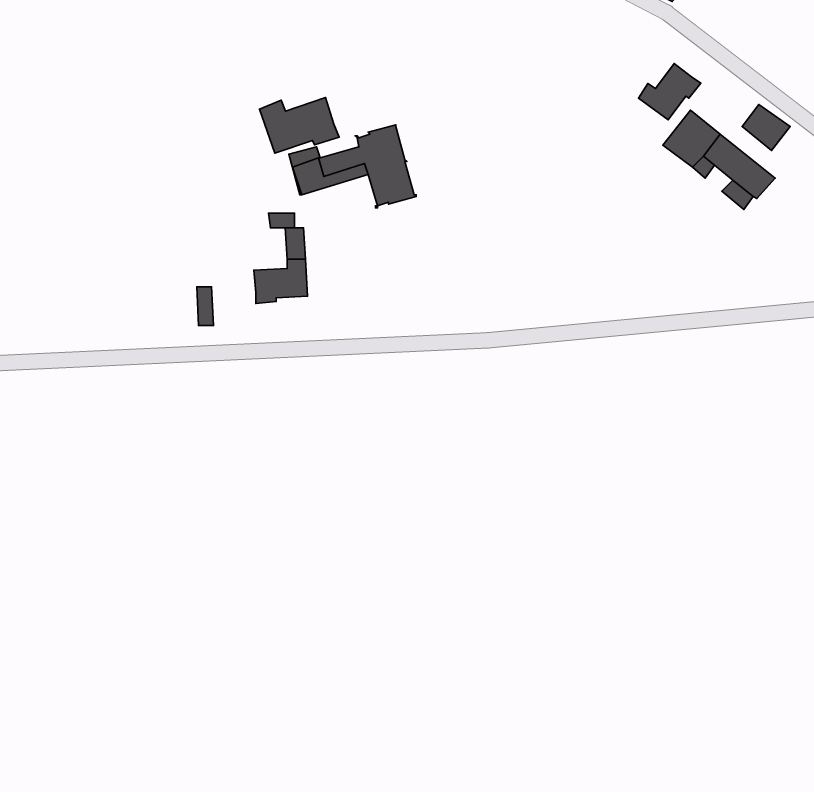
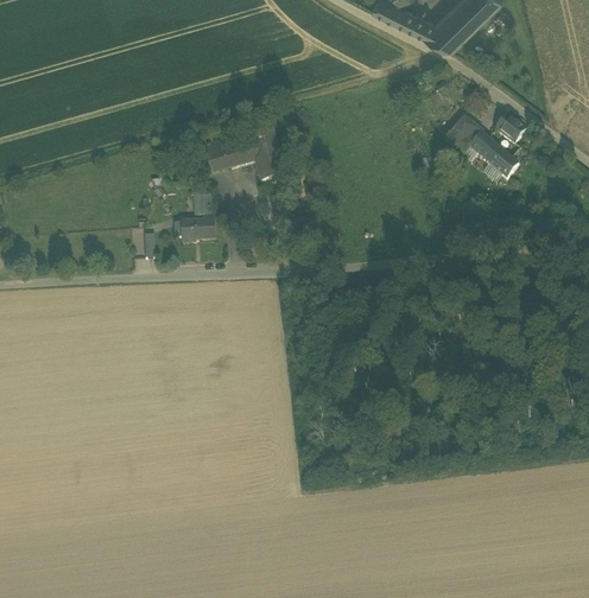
building: [639,63,701,120] -> none
building: [259,97,339,153] -> none

